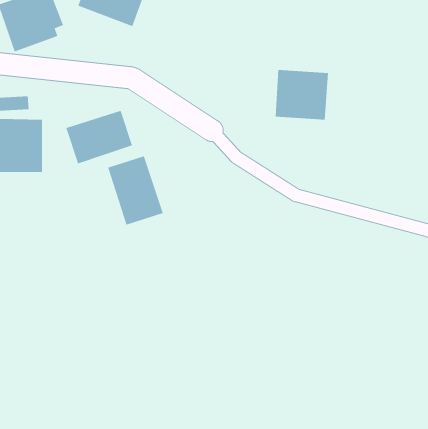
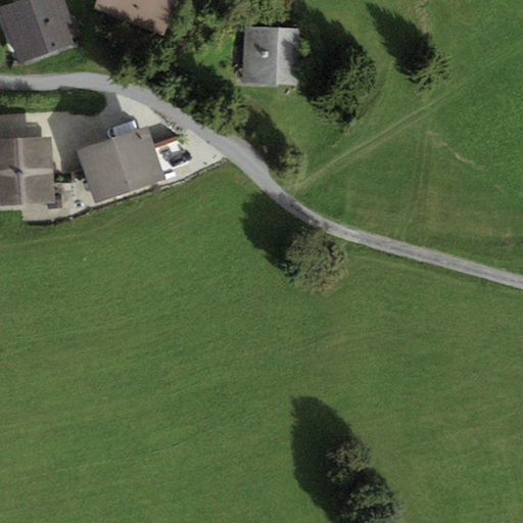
building: [275,70,329,120] -> [238,23,303,85]
building: [108,156,163,226] -> none

